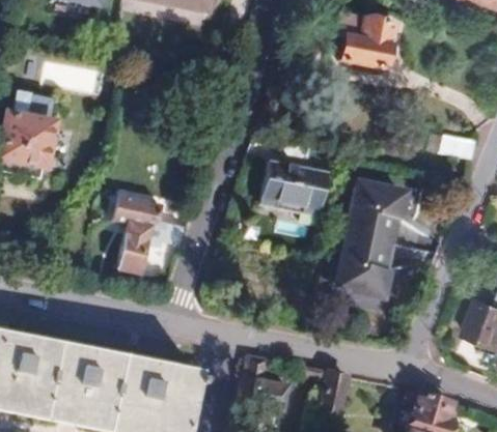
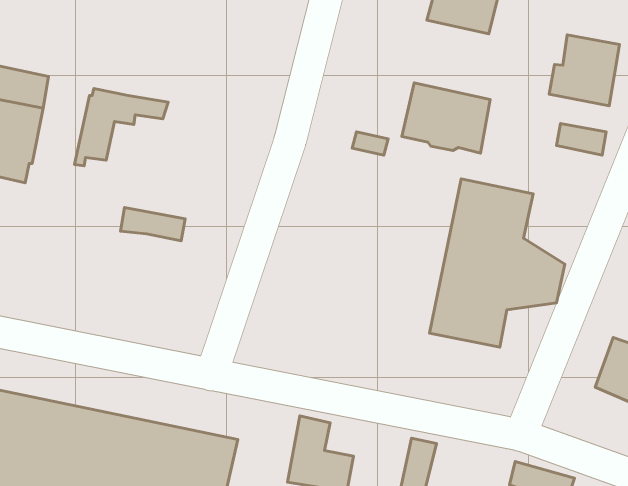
building: none -> [549,35,619,106]
building: [260,162,327,214] -> [402,83,490,153]
building: [114,220,185,278] -> [74,88,168,166]

